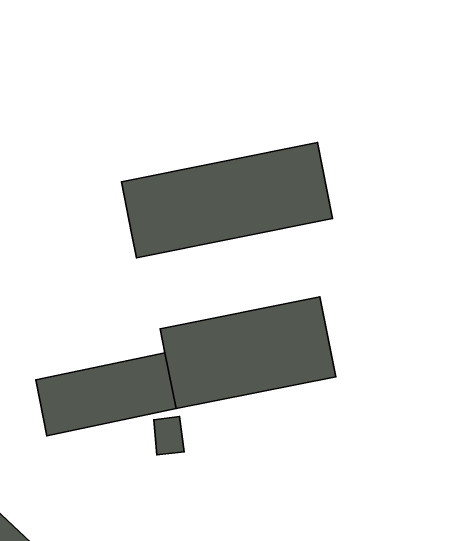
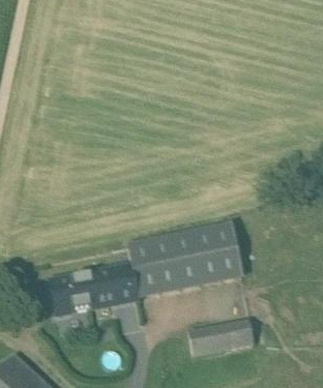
building: [121,143,333,258] -> none
building: none -> [189,320,255,356]

